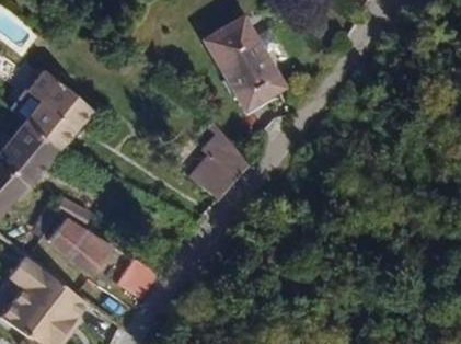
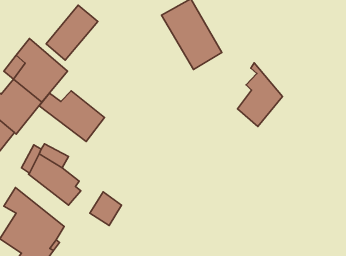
building: none -> [46,5,98,60]
building: [193,123,249,202] -> [237,63,283,127]
building: none -> [39,91,105,141]

